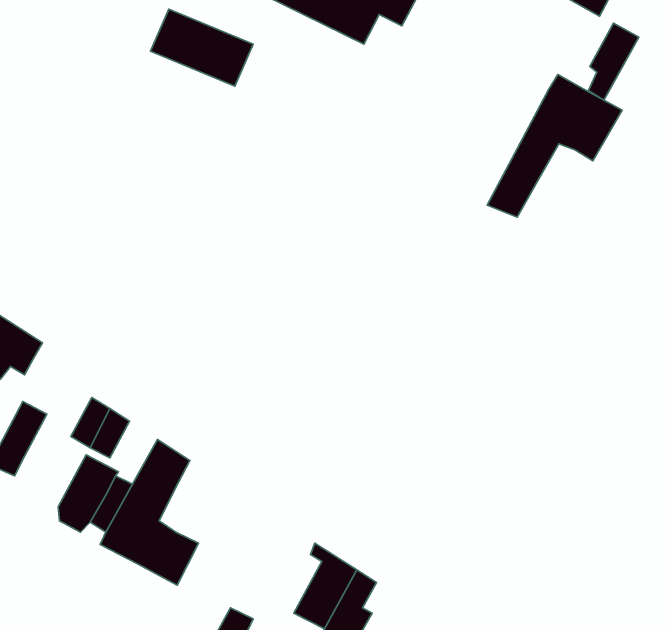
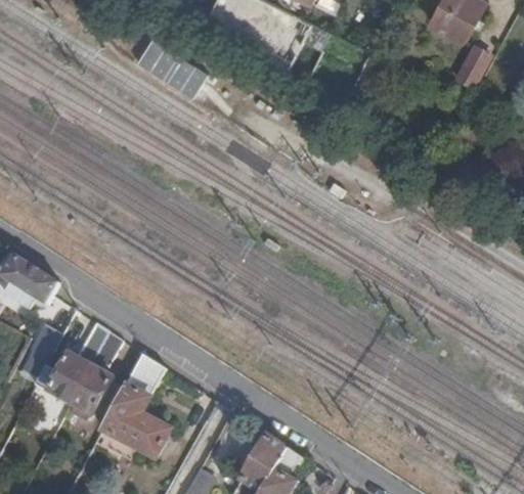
building: [487,75,622,217] -> none
building: none -> [34,352,89,401]

